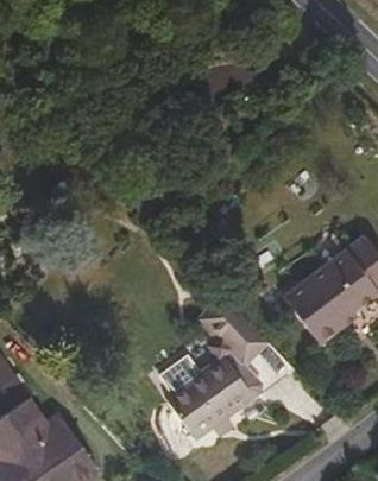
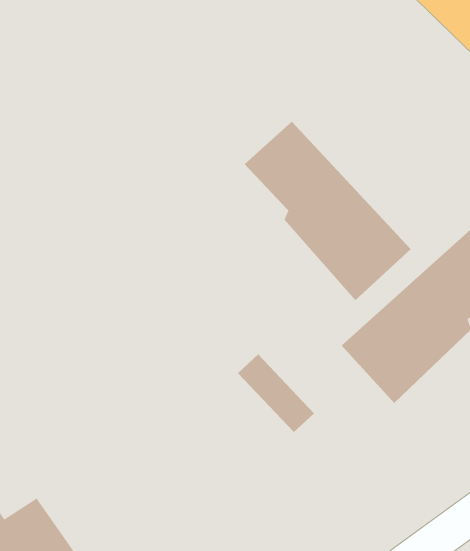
building: none -> [244,121,412,301]
building: [166,353,258,438] -> none

